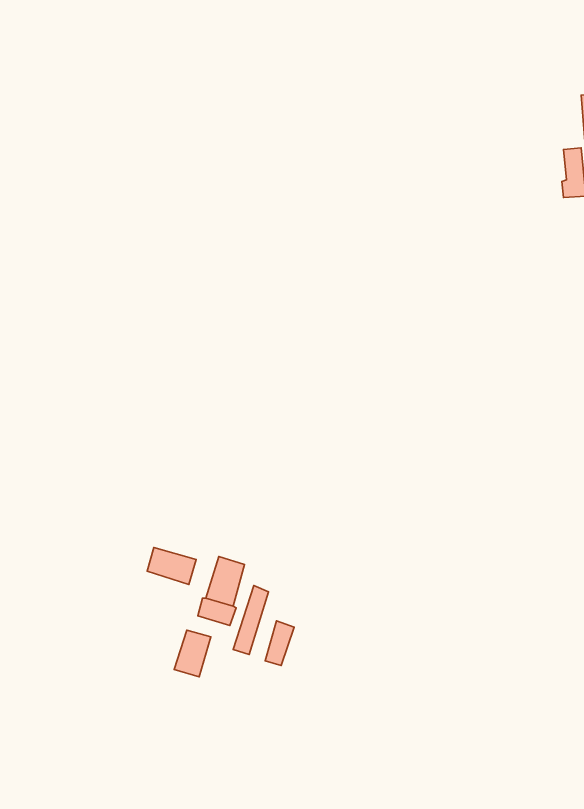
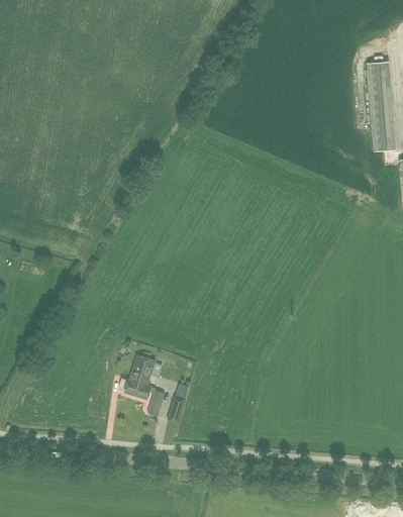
building: [147,548,196,584] -> none
building: [174,630,211,677] -> none

